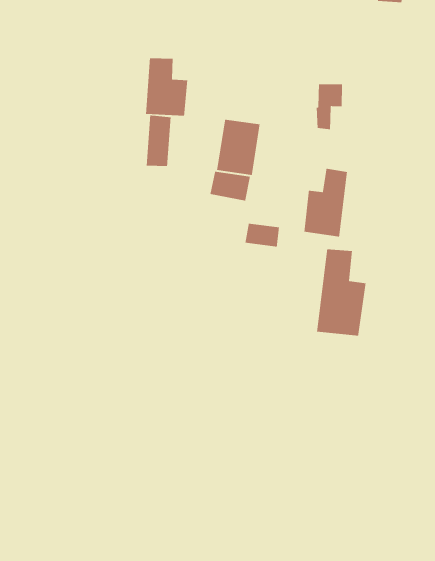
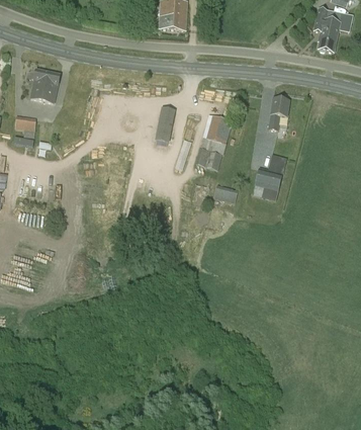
building: [145,57,188,116] -> none
building: [316,248,366,337] -> none

